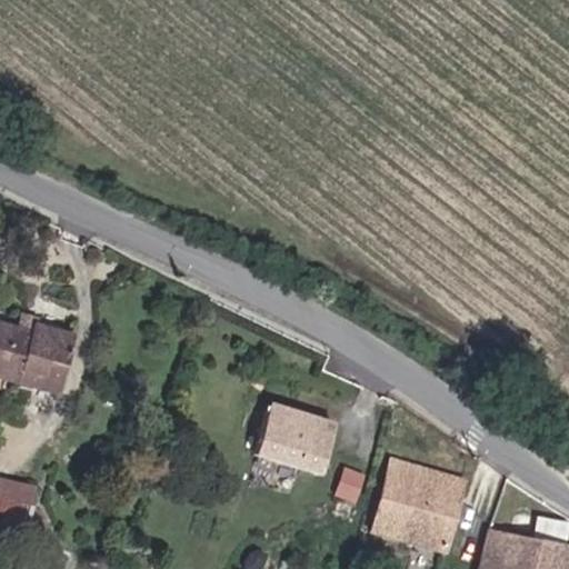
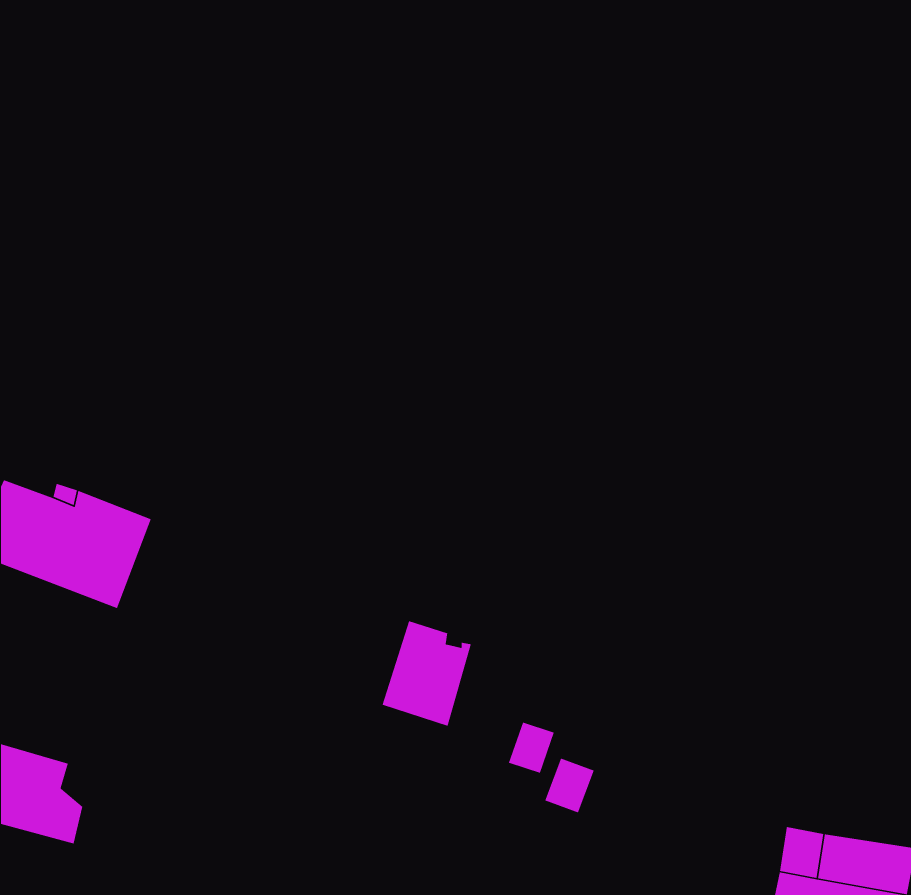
building: [283,413,320,471] -> none
building: [366,461,463,550] -> none

